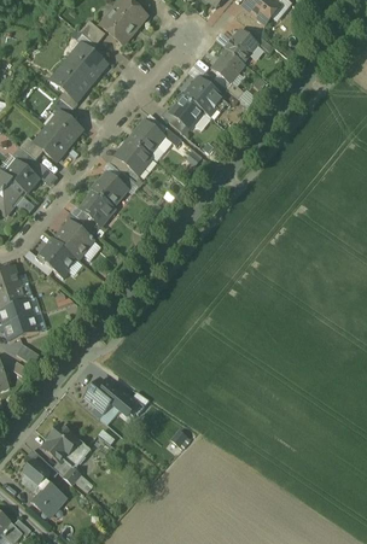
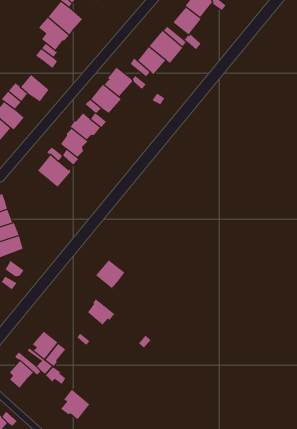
building: [46,111,81,145] -> none
building: [36,238,77,277] -> none
building: [83,378,118,413] -> [95,259,125,290]
building: [30,479,65,515] -> [60,389,90,420]

